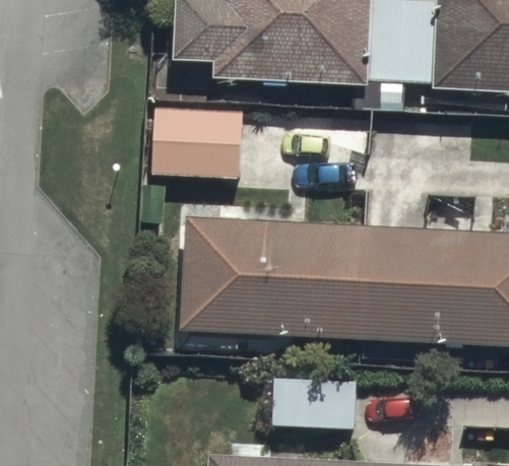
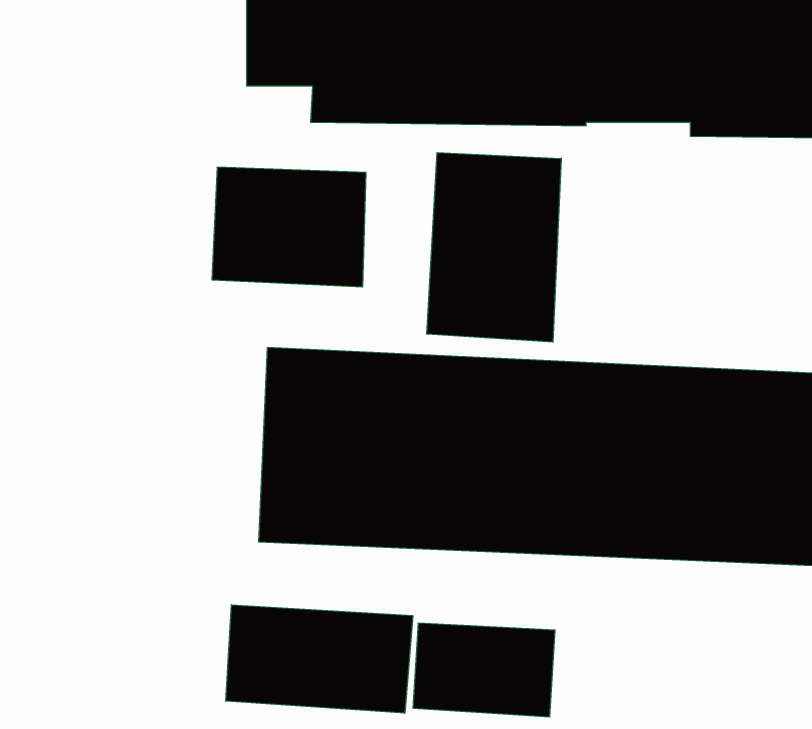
building: none -> [427,153,561,342]
building: none -> [226,605,413,713]

